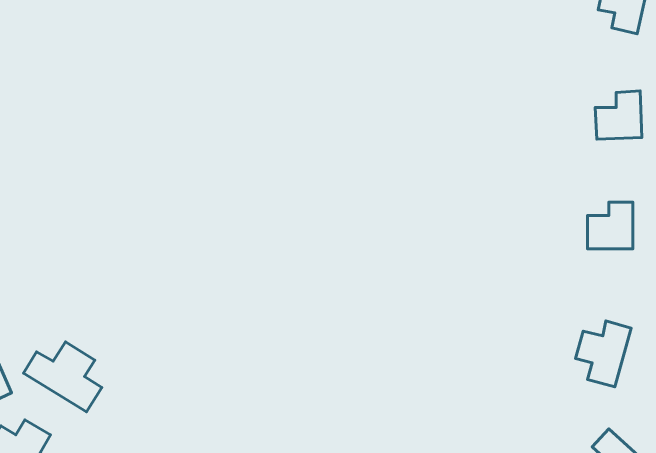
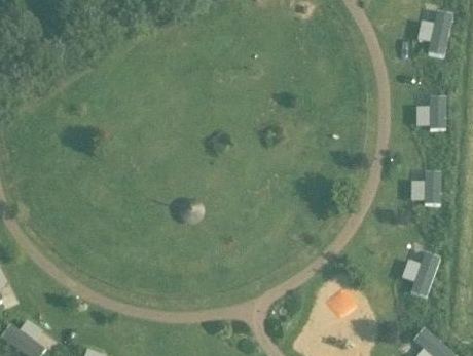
building: [23,342,102,412] -> none

